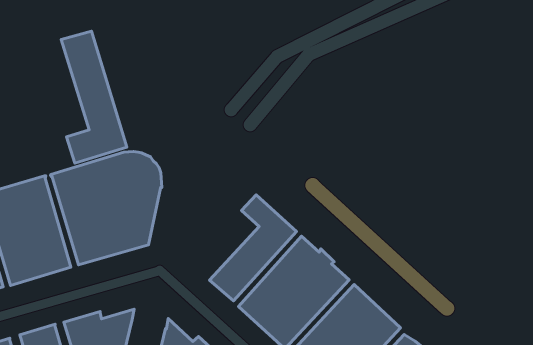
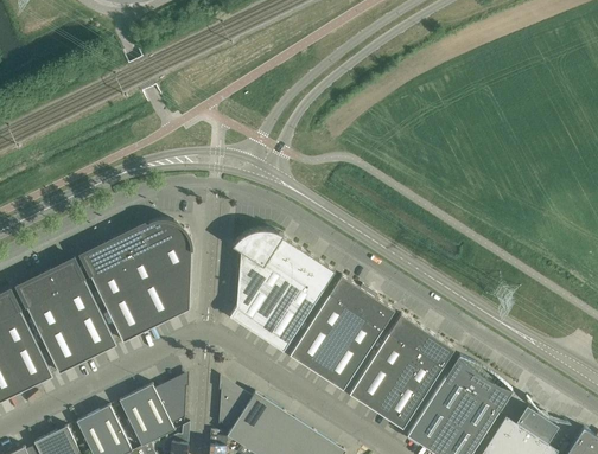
building: [61,31,127,163] -> none
building: none -> [229,229,297,334]

